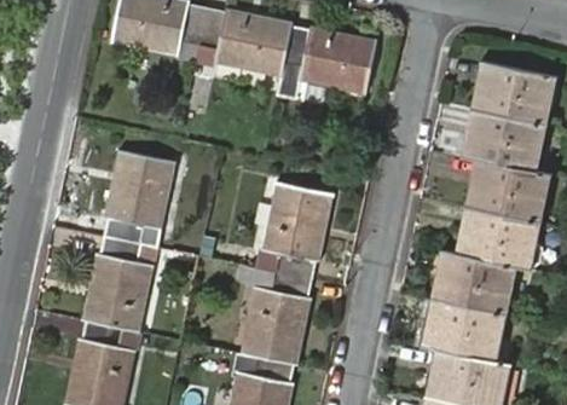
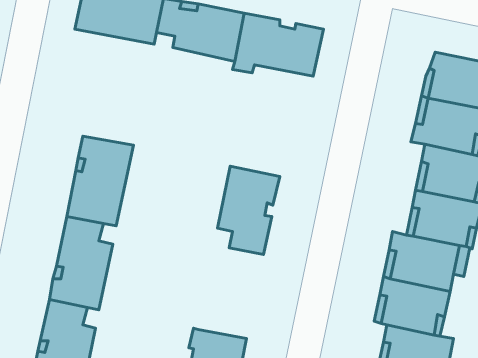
building: [241,270,309,365] -> none

